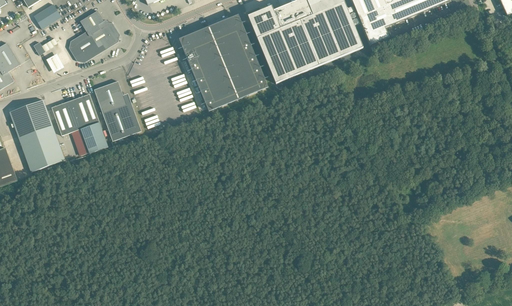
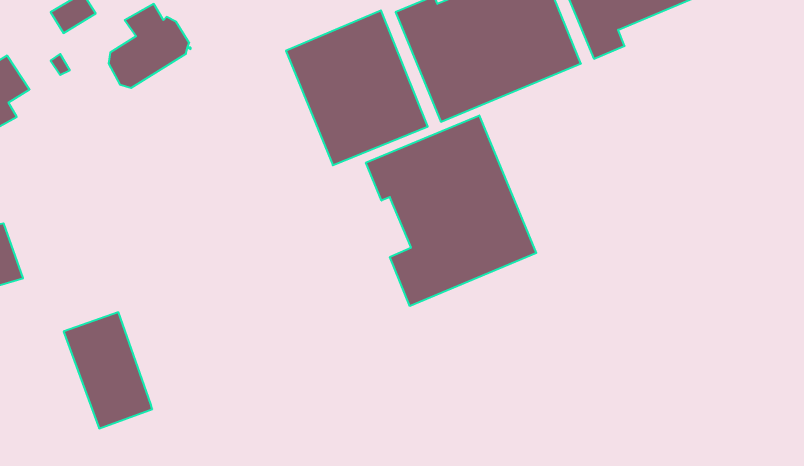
building: none -> [366,115,536,306]
building: [93,80,140,140] -> none
building: [51,93,107,155] -> none
building: [9,99,64,171] -> [64,312,152,428]

